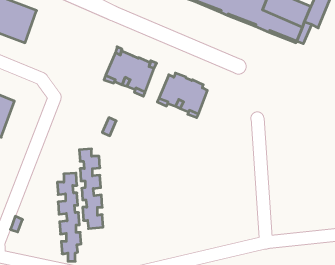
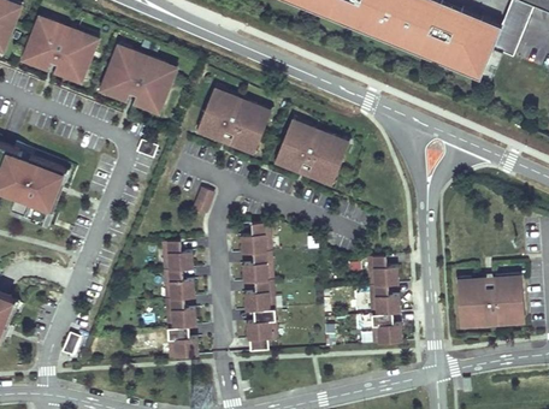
building: none -> [98,41,177,112]
building: none -> [368,259,402,345]
building: [57,173,81,261] -> [240,220,274,349]
building: none -> [460,283,524,331]

